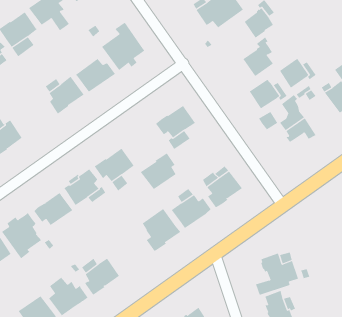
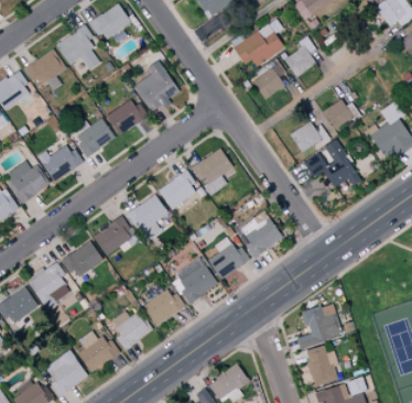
building: [242,36,274,77] -> [252,57,285,100]
building: none -> [37,145,84,182]
building: [140,152,176,190] -> [158,170,196,209]
building: none -> [142,288,185,326]

